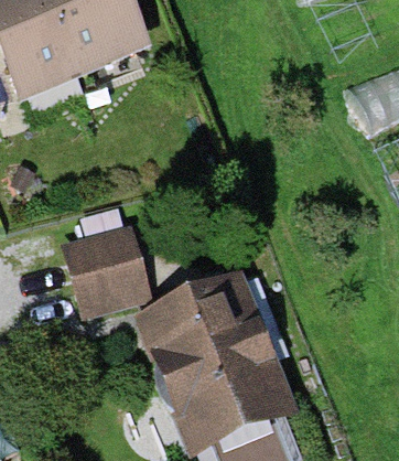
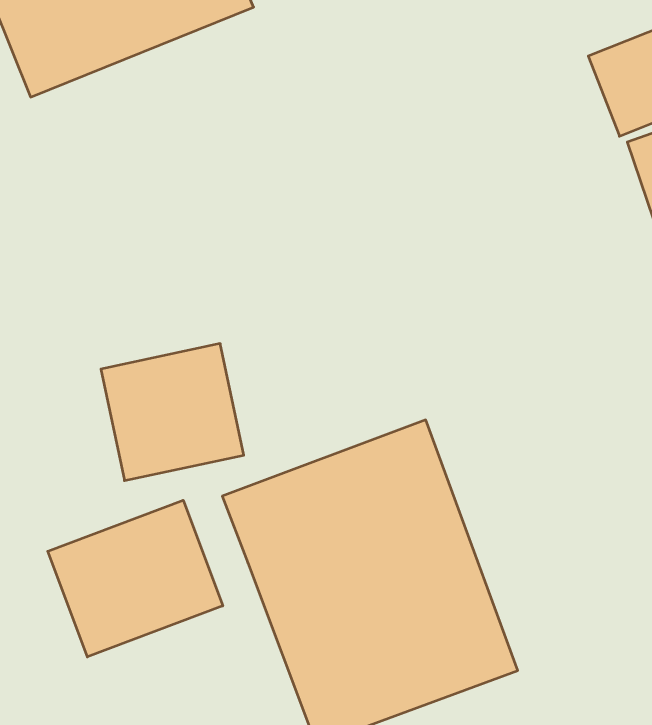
building: none -> [48,500,223,657]

